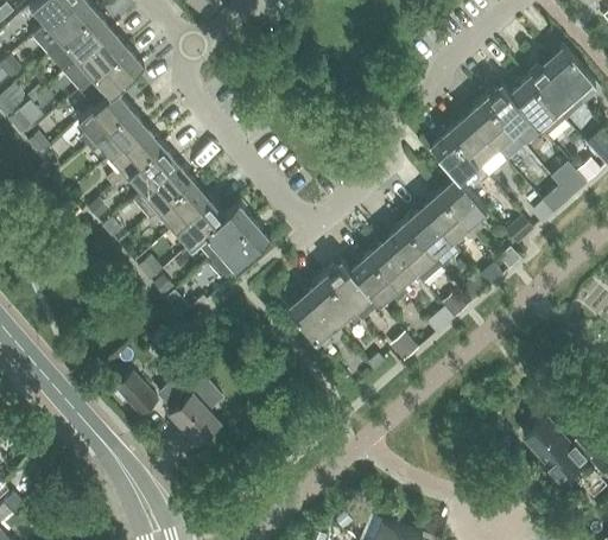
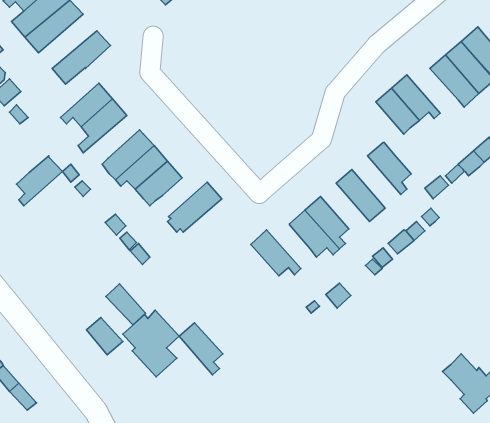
building: [62,31,128,93] -> none
building: [482,83,542,147] -> none
building: [78,91,131,148] -> [17,156,62,206]
building: [429,131,488,193] -> none
building: [126,146,177,195] -> none
building: [419,192,475,244] -> none
building: [195,204,254,261] -> none
building: [384,223,439,282] -> none
building: [322,261,379,320] -> none
building: [286,293,336,352] -> [179,323,223,375]
building: none -> [106,284,145,325]

